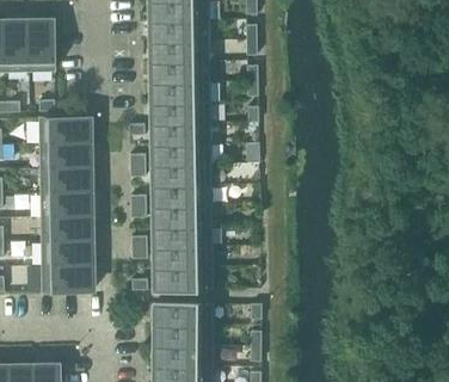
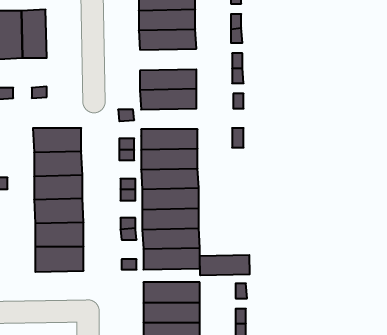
building: [149,60,208,82] -> none
building: [38,116,88,142] -> none
building: [150,122,209,143] -> none
building: none -> [200,255,250,275]

